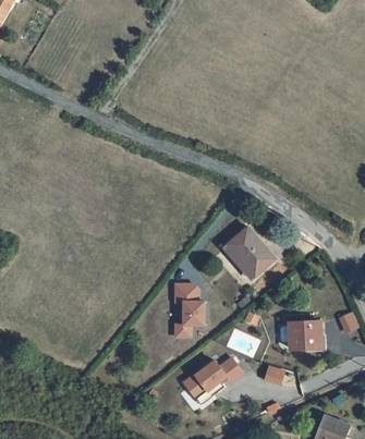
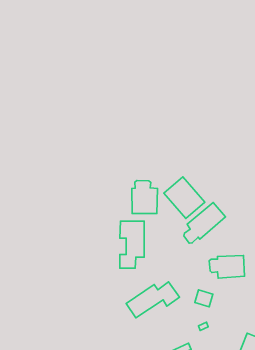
building: none -> [132,180,158,214]
building: none -> [184,203,226,243]

